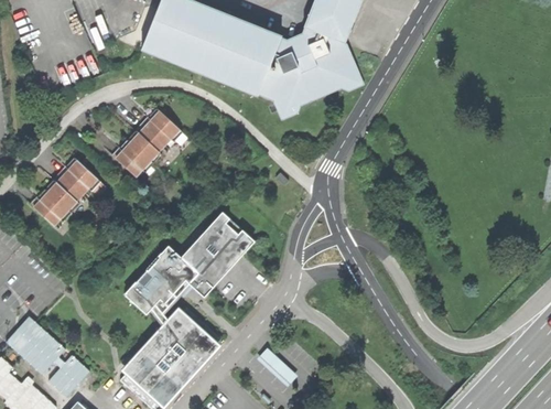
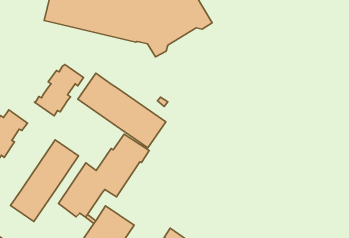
building: none -> [78,73,166,148]
building: none -> [10,140,78,222]

